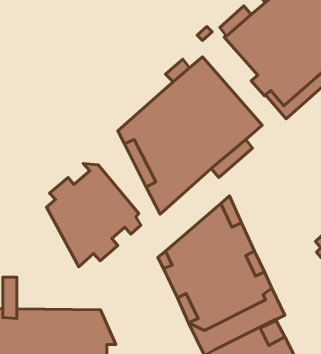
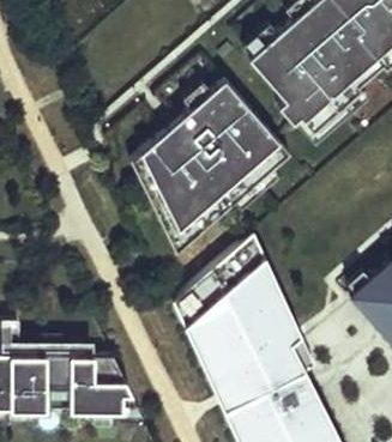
building: [47,163,141,267] -> none

